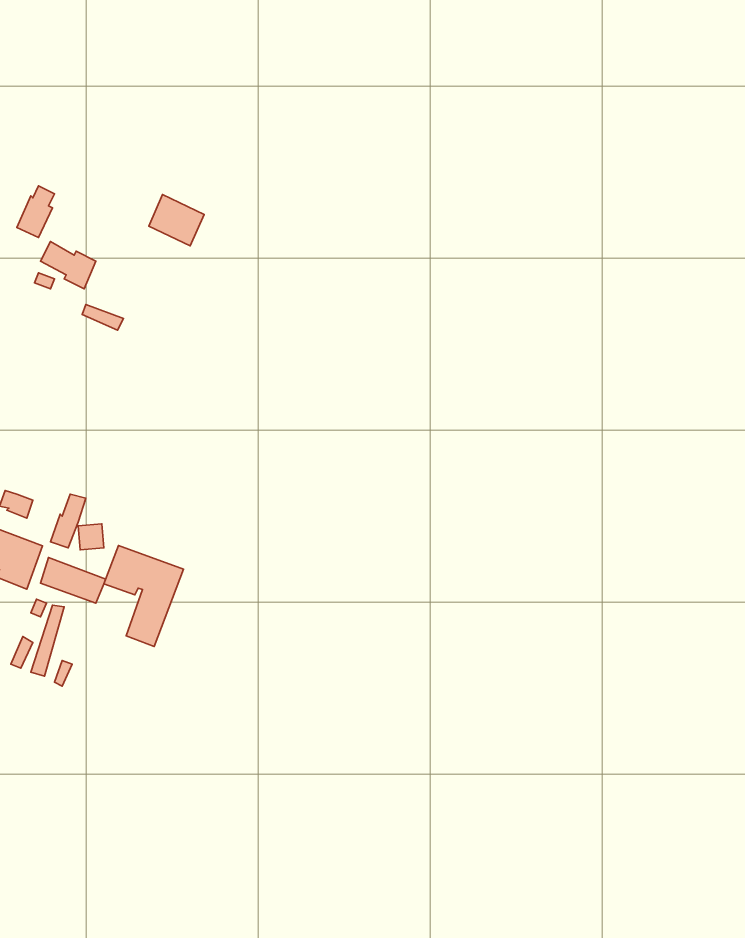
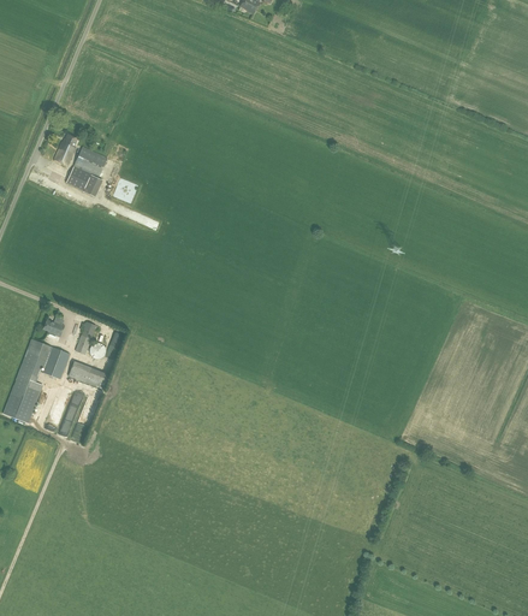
building: [149,195,204,246] -> [72,146,106,177]
building: [104,545,183,647] -> none

